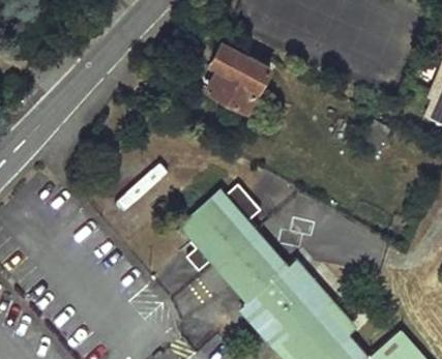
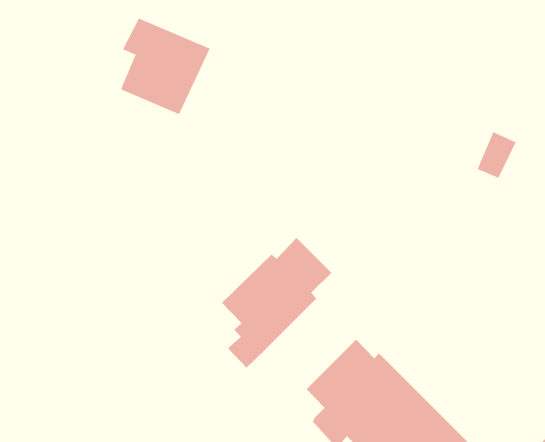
building: [207,46,270,113] -> [120,18,211,115]
building: [211,230,272,291] -> none

